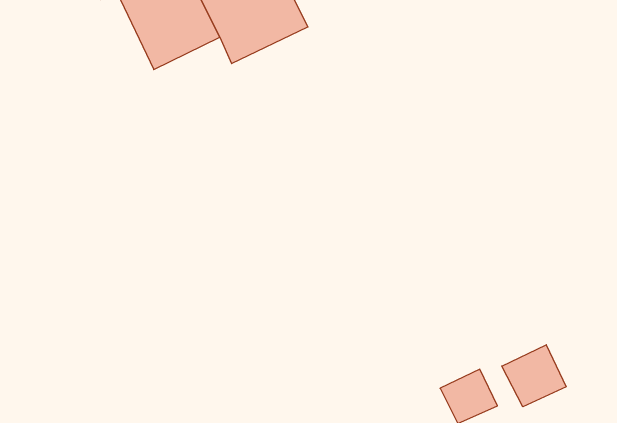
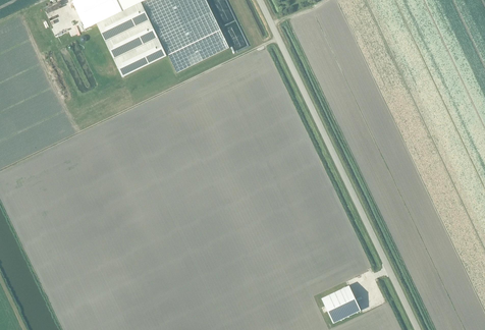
building: [502,345,566,407] -> none

